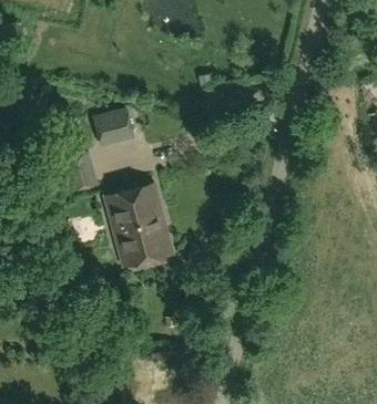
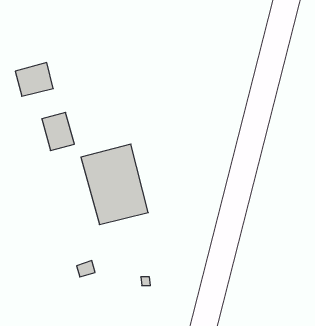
building: [94,112,133,146] -> [15,63,53,96]

